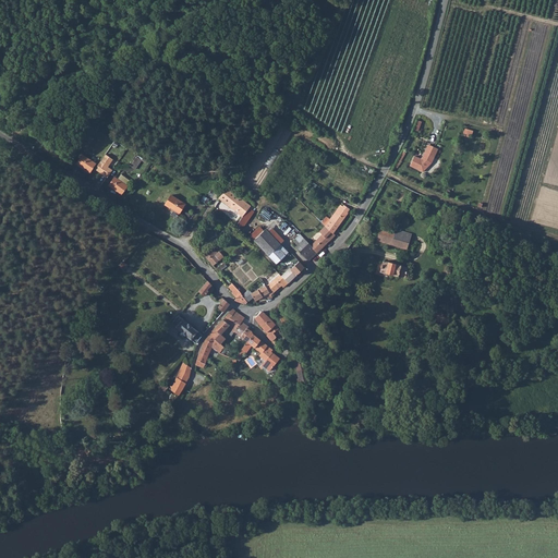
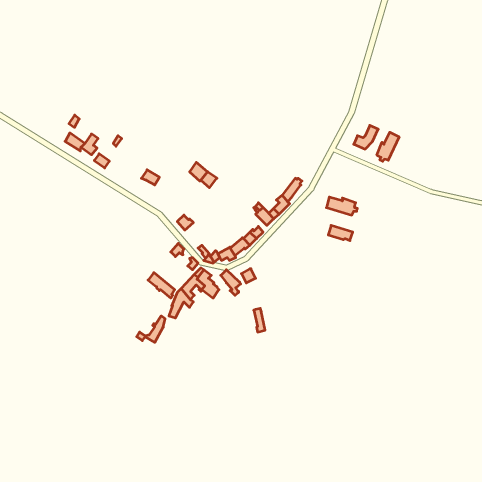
building: none -> [377,132,399,161]
building: [253,229,288,266] -> none
building: [240,335,280,372] -> none

